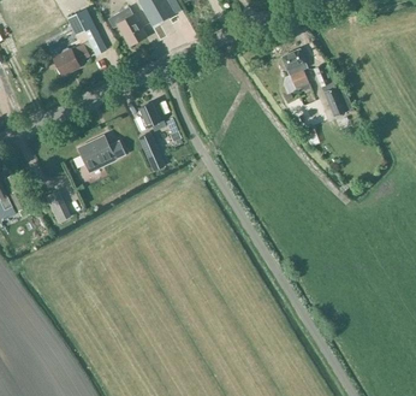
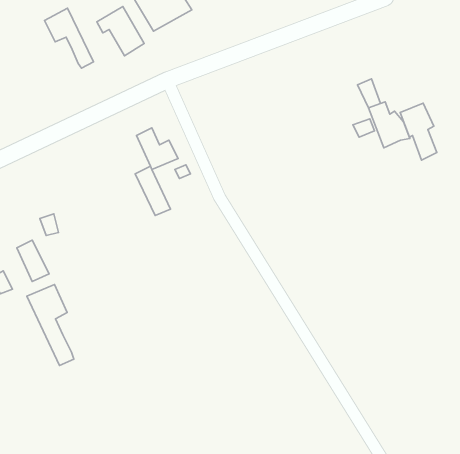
building: [53,40,94,75] -> none
building: [281,48,310,93] -> [400,103,437,160]
building: [78,135,126,171] -> none
building: none -> [27,285,74,366]

